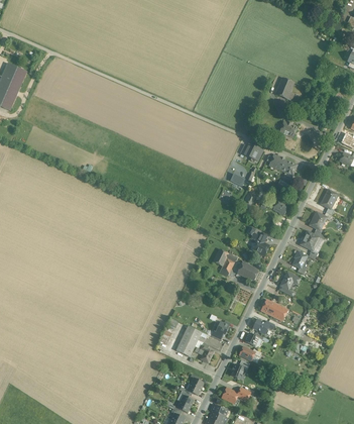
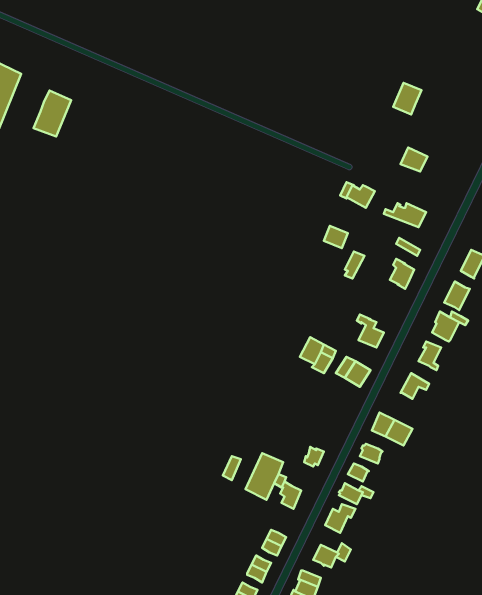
building: none -> [34,91,71,136]

